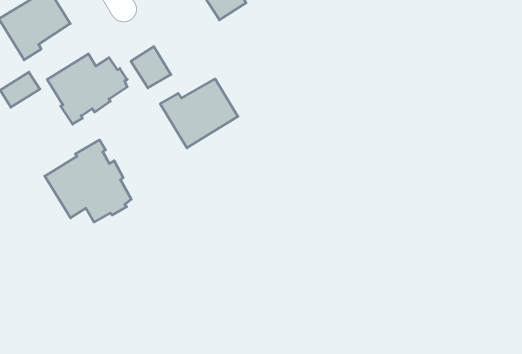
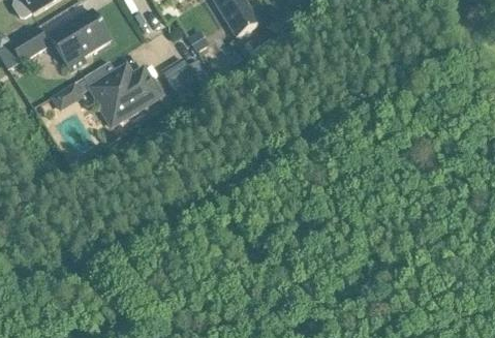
building: [160,79,238,148] -> none
building: [45,140,131,222] -> none

